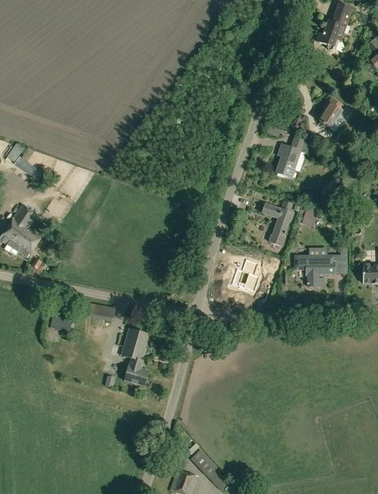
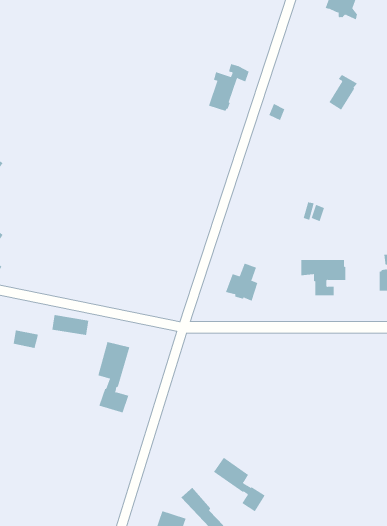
building: [276,137,311,178] -> [208,63,249,112]
building: [261,200,294,246] -> none
building: none -> [213,457,265,512]

